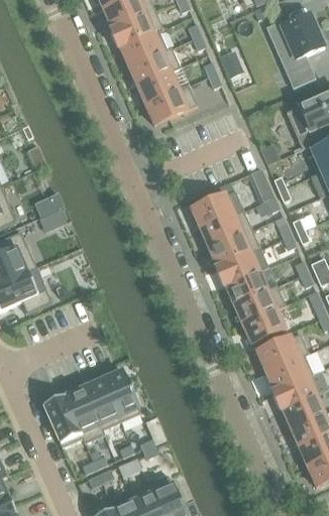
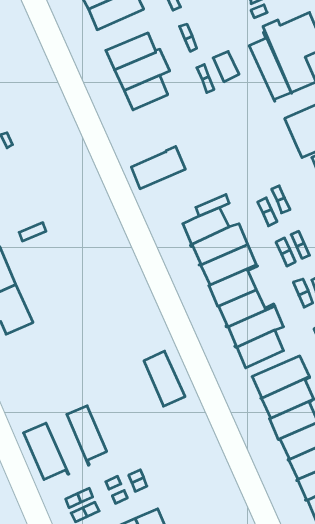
building: [110,9,162,48] -> none
building: none -> [249,32,292,101]
building: [144,84,195,123] -> [131,146,185,189]
building: [102,369,140,420] -> [144,351,185,406]
building: [64,386,103,441] -> none

